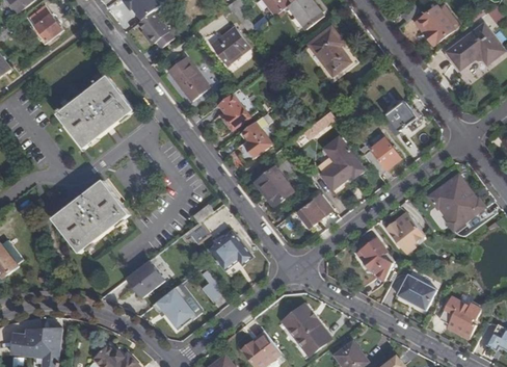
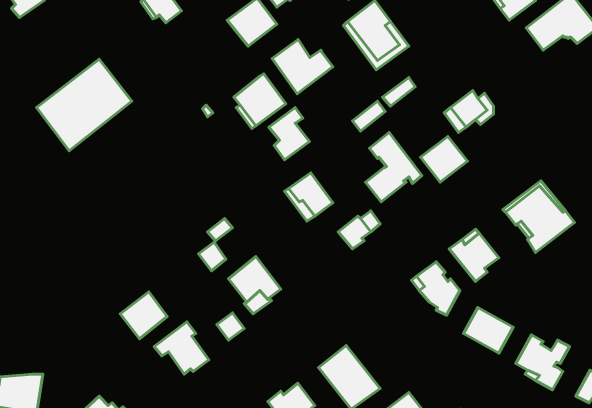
building: [166,57,208,102] -> none
building: none -> [272,39,333,94]
building: [53,181,130,255] -> none

